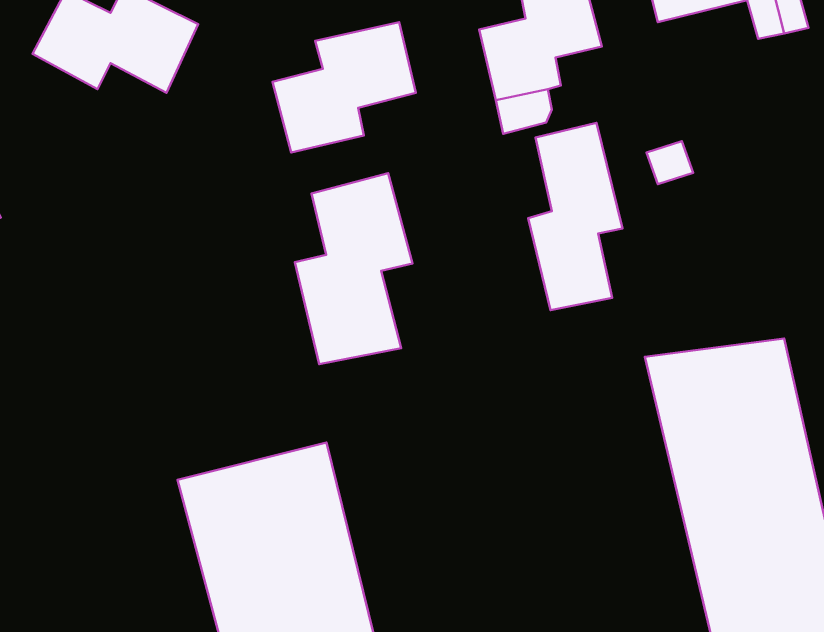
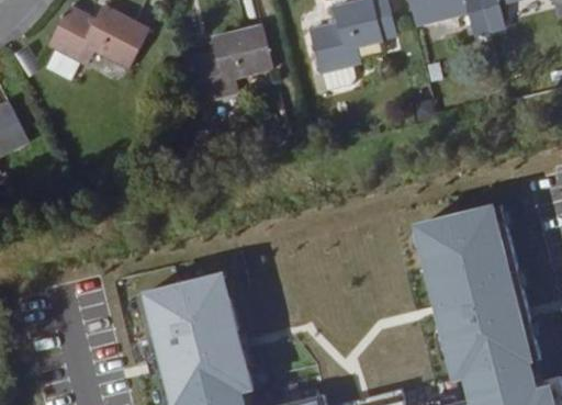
building: [528,123,623,310] -> none
building: [295,173,412,364] -> none

